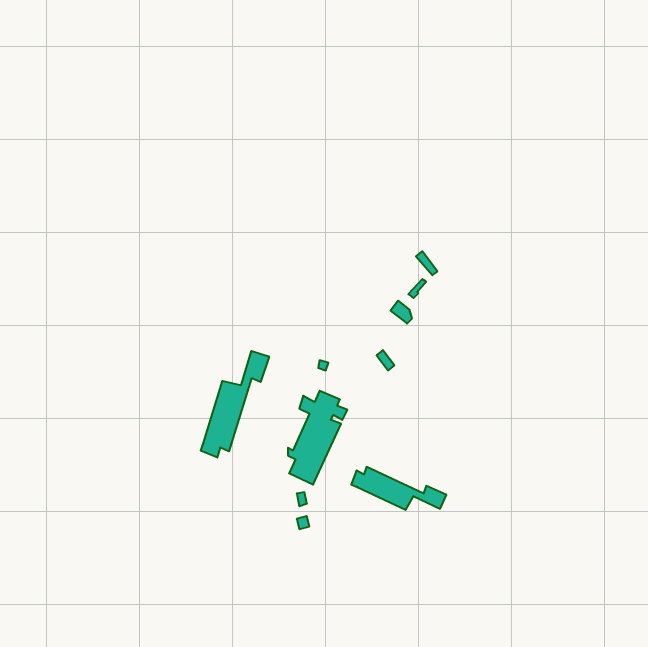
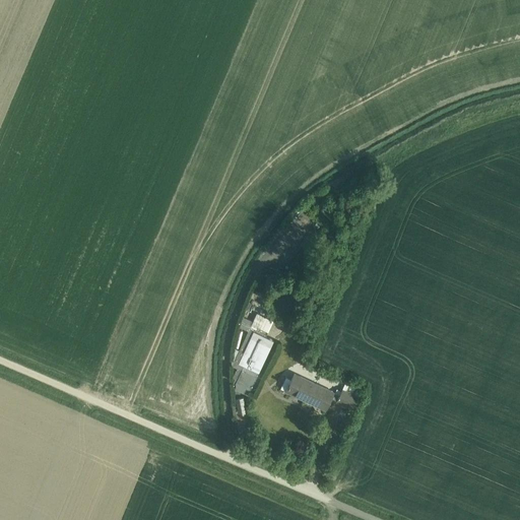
building: [201,351,269,458] -> none

